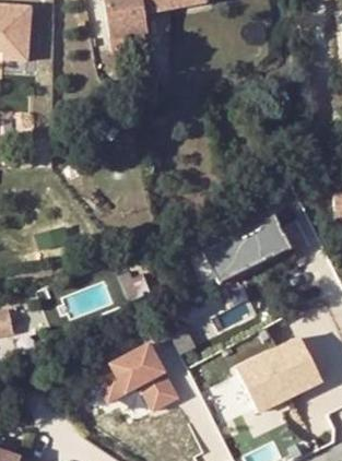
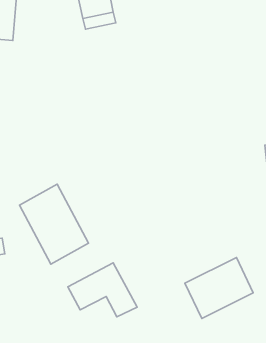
building: [202,211,291,281] -> none
building: none -> [19,184,89,264]

